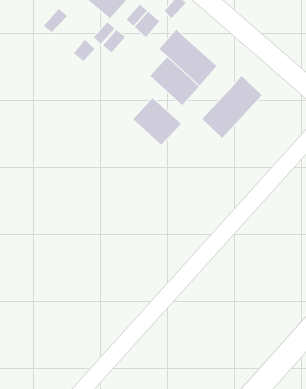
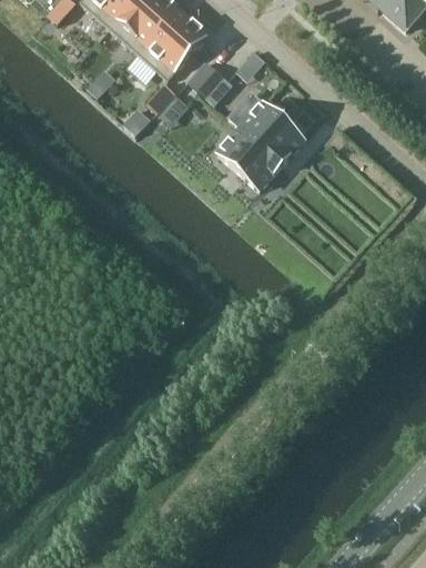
building: [201,75,263,139] -> none
building: [133,98,182,145] -> none

